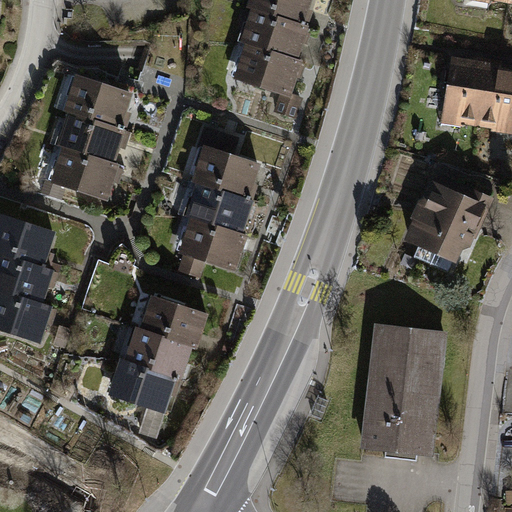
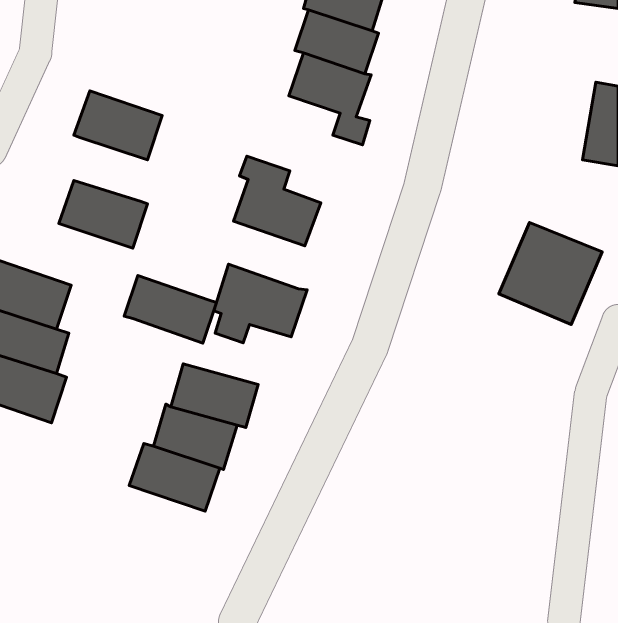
building: [439,62,485,130] -> none
building: [54,112,125,164] -> none
building: [179,180,254,235] -> [124,276,216,343]
building: [354,318,438,451] -> none

